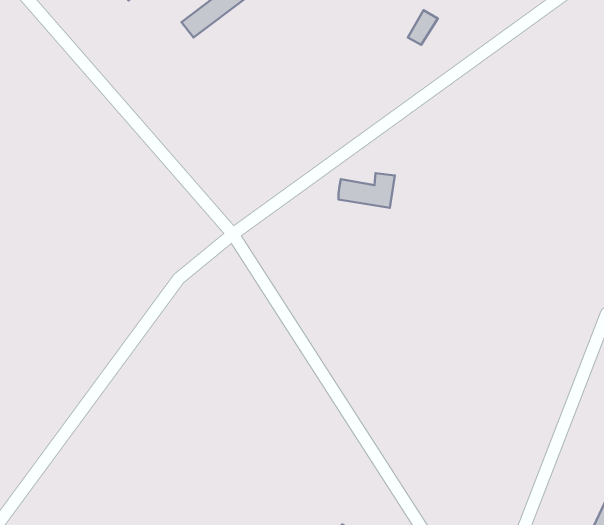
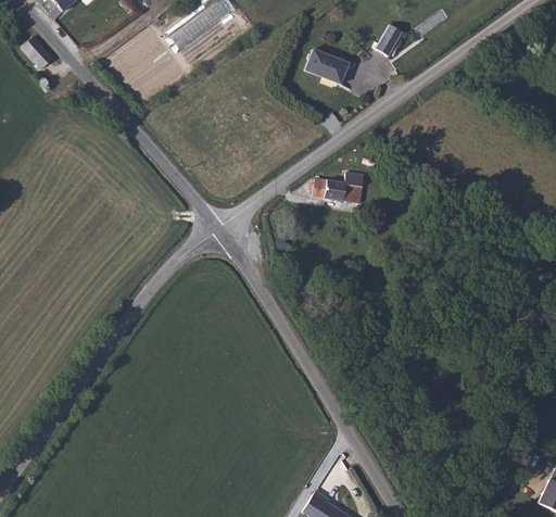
building: none -> [22,36,53,70]
building: none -> [305,49,349,84]

